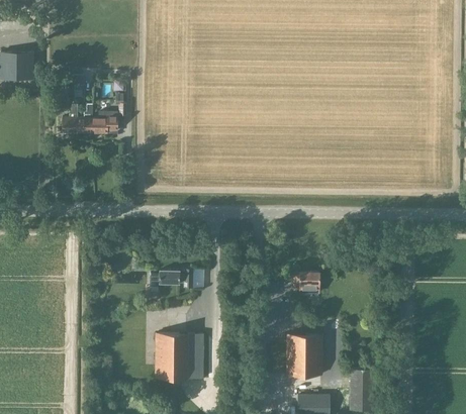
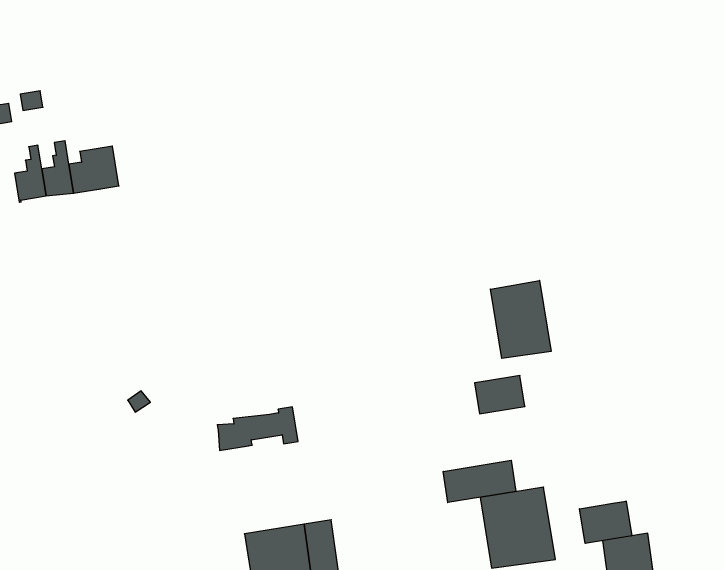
building: none -> [490,280,551,358]
building: none -> [443,460,516,503]
building: none -> [580,501,632,543]

